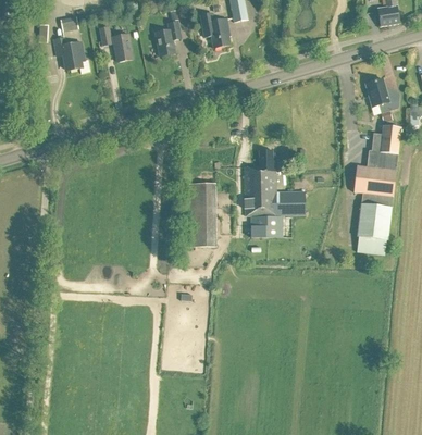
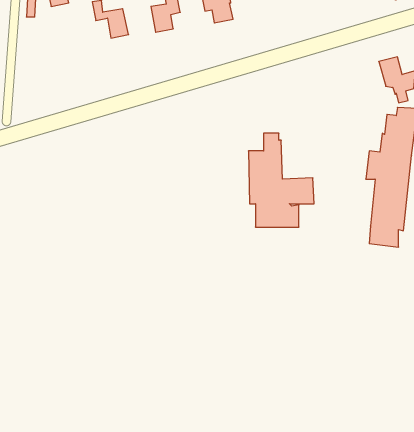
building: [54,37,90,73] -> none
building: [188,183,216,247] -> none

